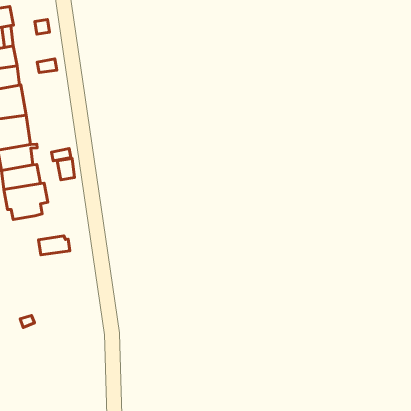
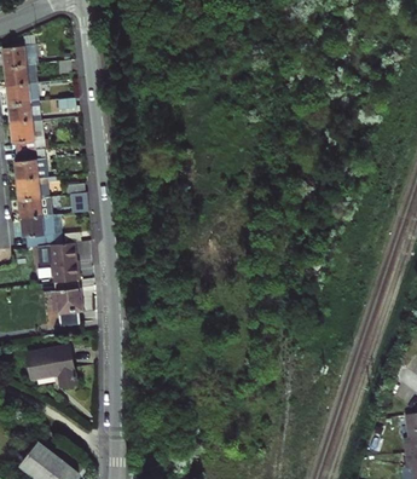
building: none -> [47,243,74,269]
building: none -> [52,288,81,325]
building: none -> [28,347,75,387]

